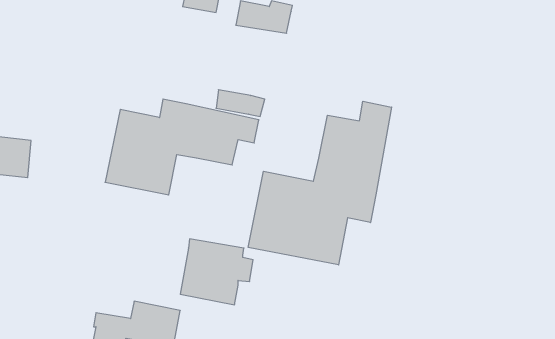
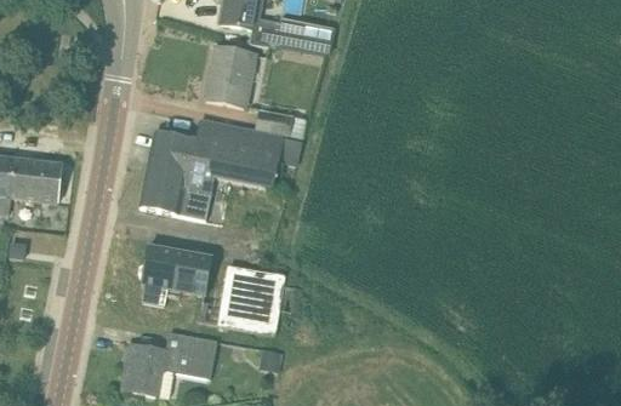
building: none -> [205,46,253,107]
building: [248,101,392,265] -> none
building: none -> [141,246,210,304]

